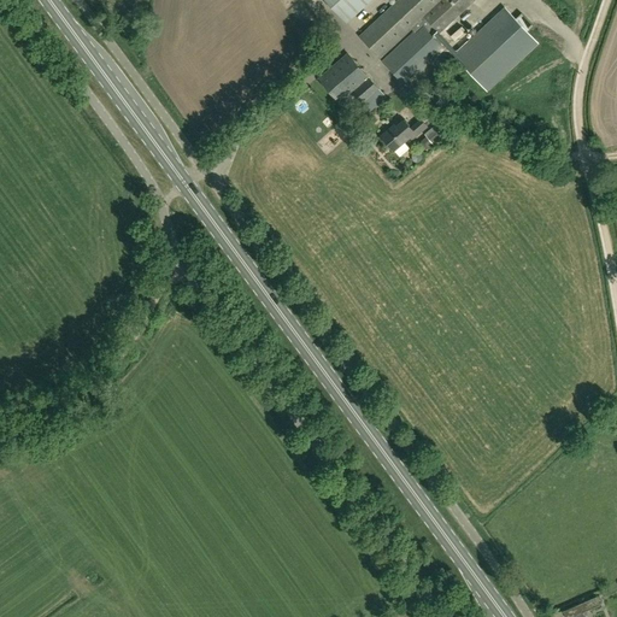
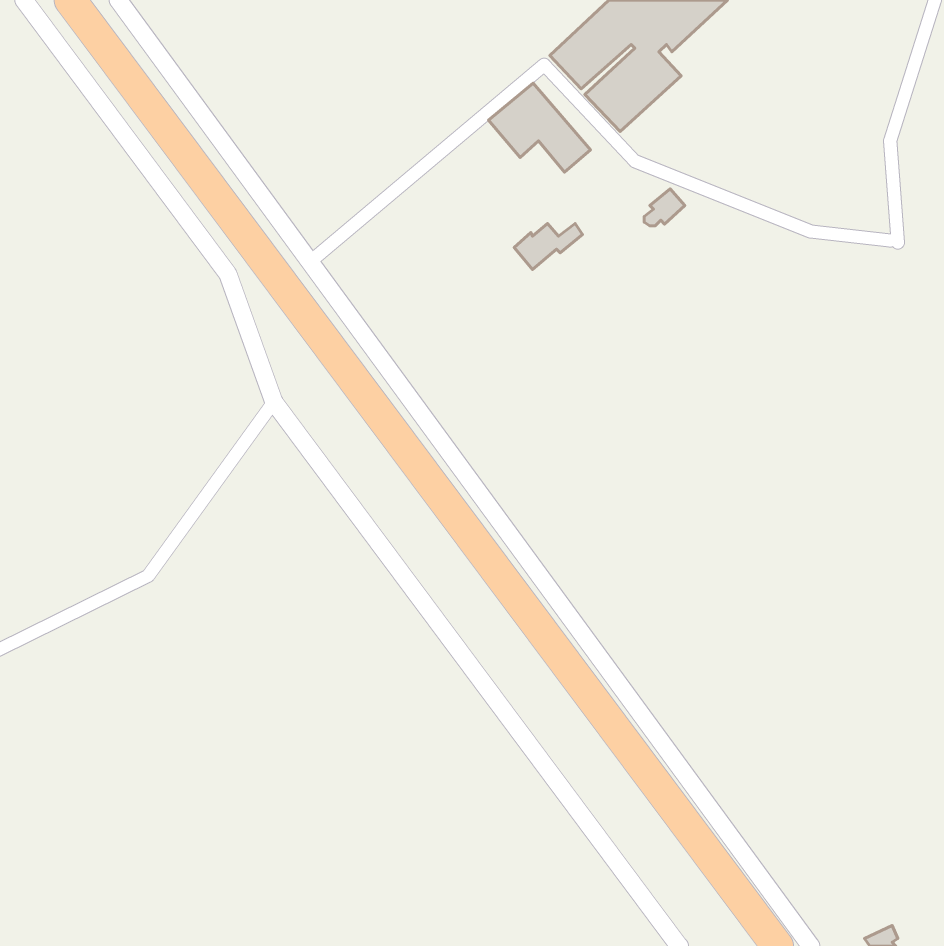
building: [451,7,537,93] -> none
building: [381,121,425,151] -> [514,223,583,270]

